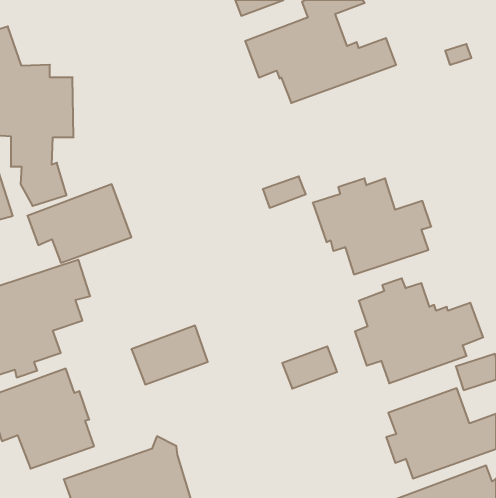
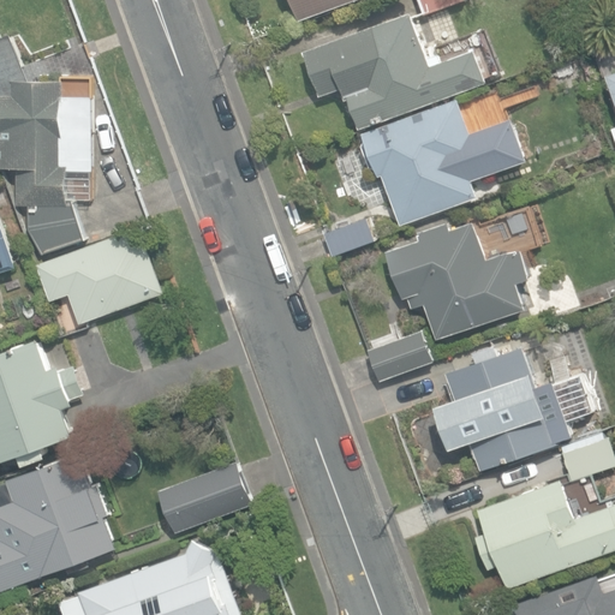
building: none -> [359,98,526,227]
building: [131,326,208,384] -> [156,462,250,535]
building: [282,346,337,389] -> [365,332,432,383]

